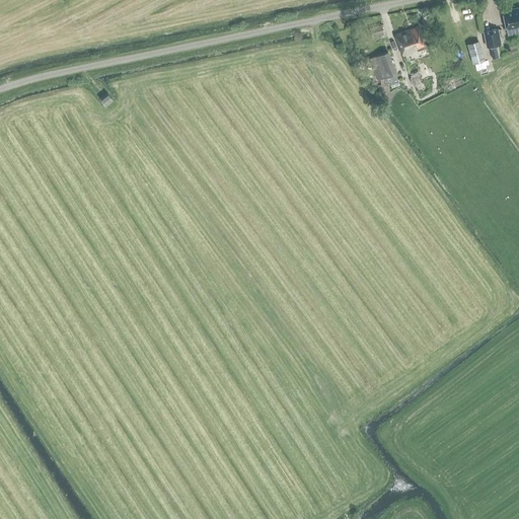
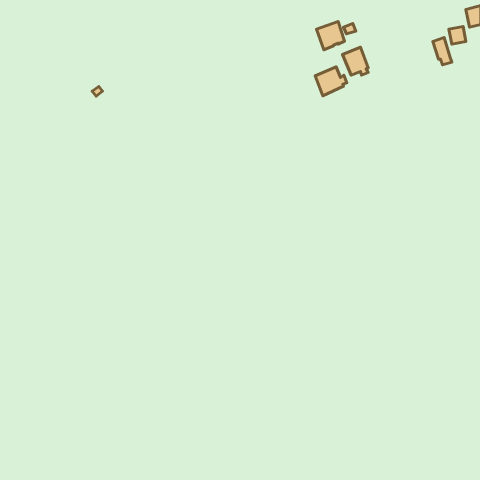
building: [395,27,426,58] -> [316,22,345,50]
building: none -> [315,67,347,96]

